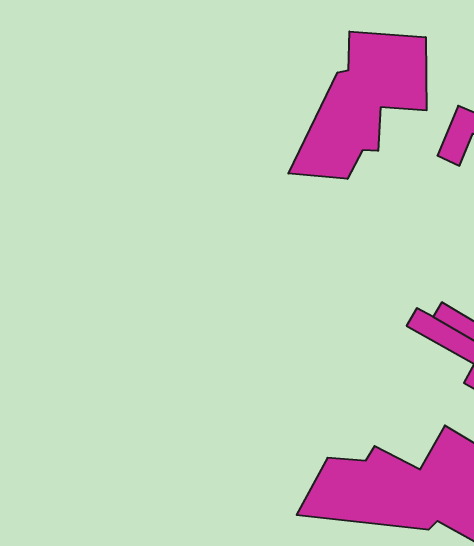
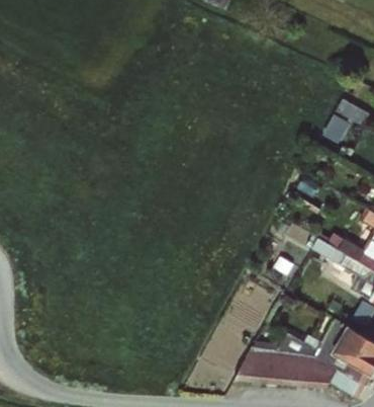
building: [288,31,427,179] -> none

